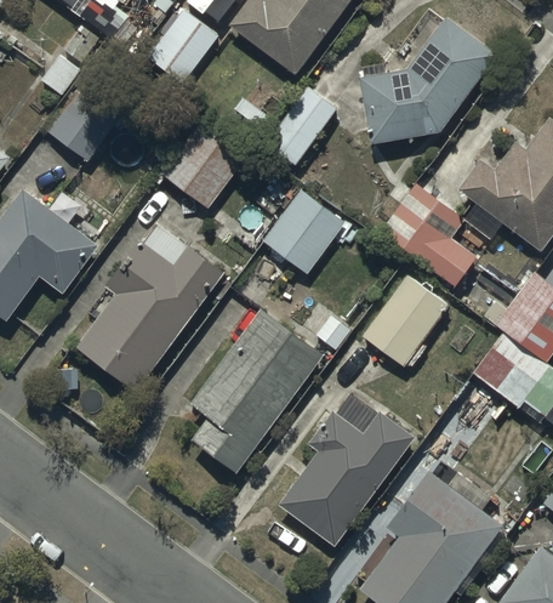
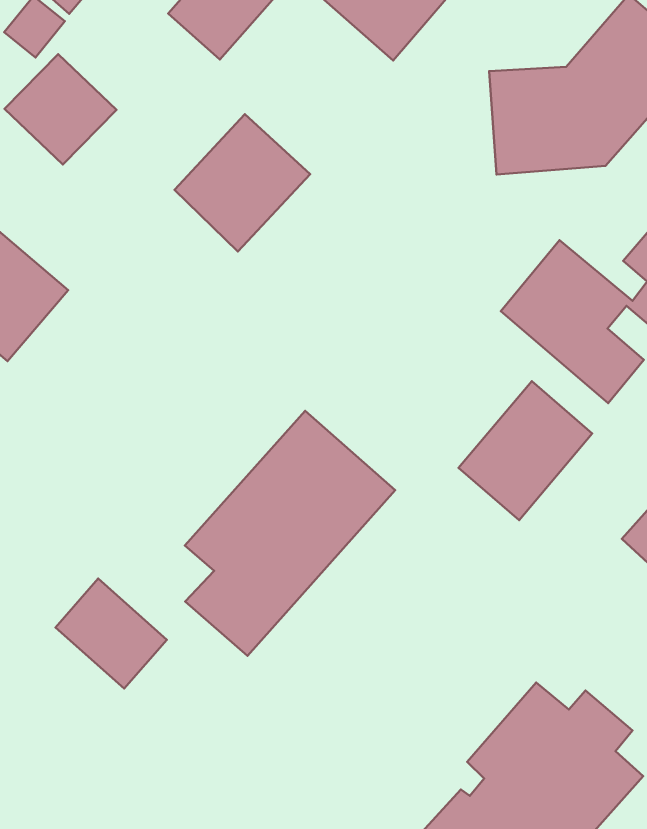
building: [267,87,337,166] -> none
building: [263,189,360,279] -> none
building: [78,224,223,391] -> none
building: [276,397,412,546] -> none
building: none -> [55,579,167,689]

